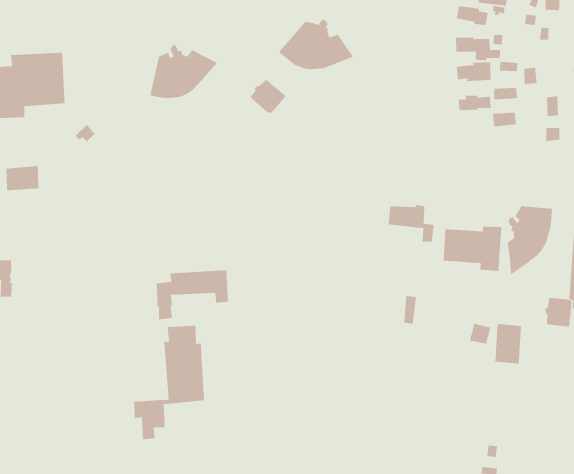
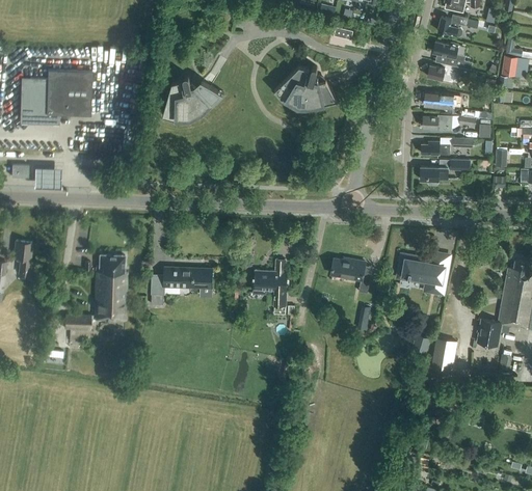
building: [249,79,286,114] -> none
building: none -> [421,166,449,186]
building: [388,205,435,242] -> [331,258,371,293]
building: [507,206,552,276] -> none
building: none -> [254,260,288,305]
building: [133,325,205,440] -> [64,254,128,348]

